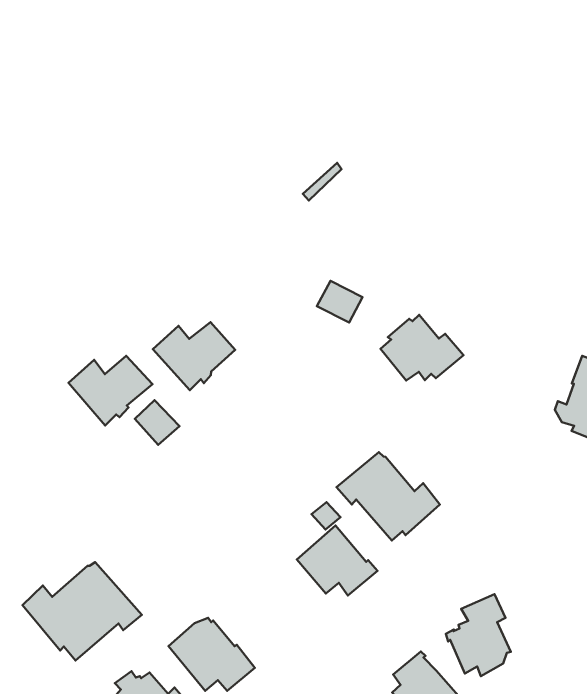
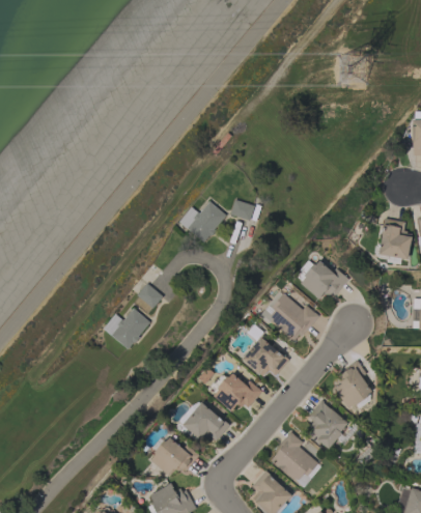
building: [380,315,464,381] -> [301,260,348,298]
building: [153,322,235,390] -> [179,201,226,241]
building: [68,356,153,426] -> [104,308,151,349]
building: [22,562,142,660] -> none
building: none -> [207,373,262,411]

